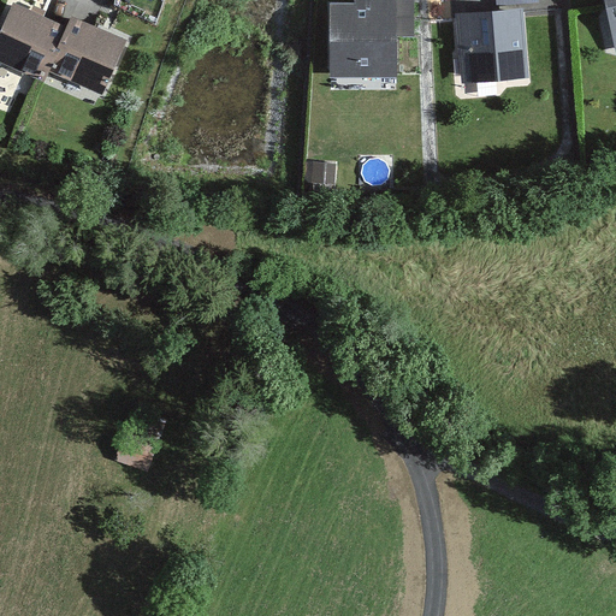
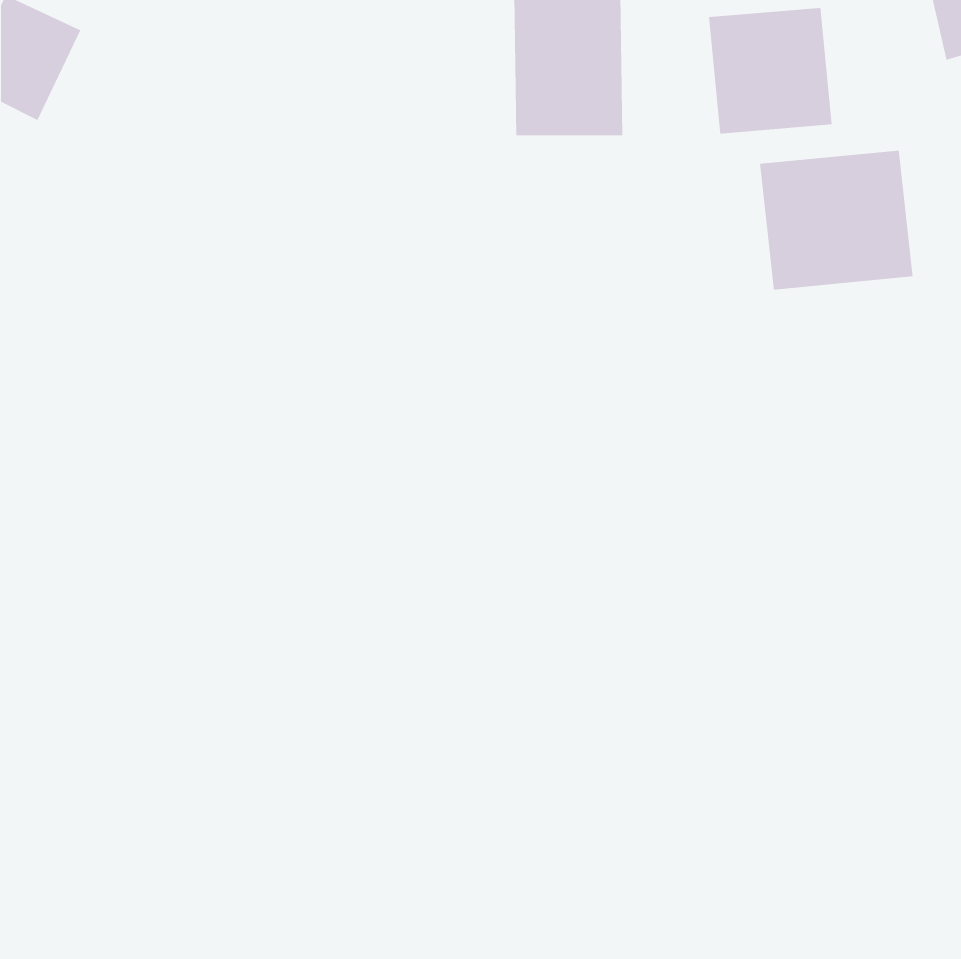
building: [42,13,123,95] -> none
building: none -> [759,150,913,290]

